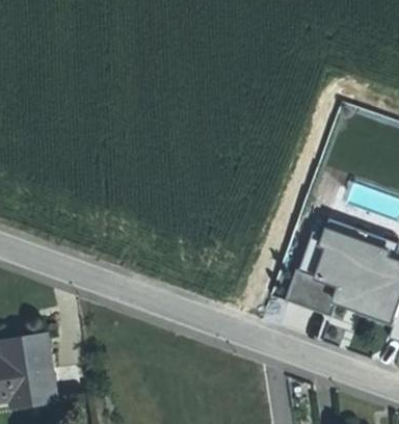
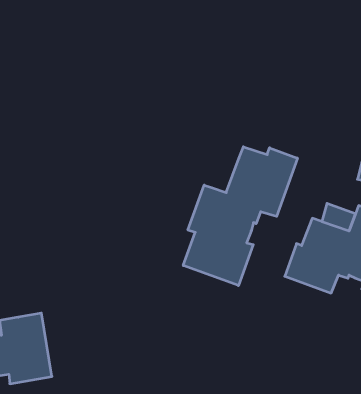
building: none -> [183,147,297,286]

